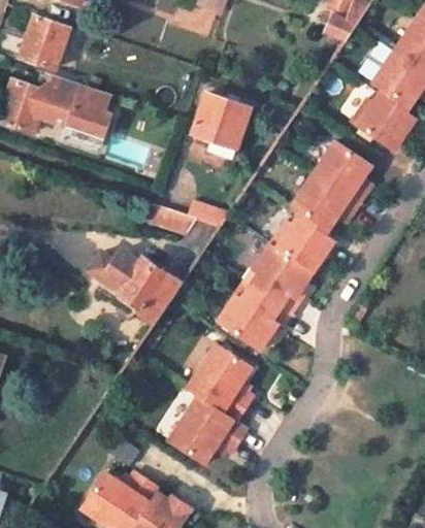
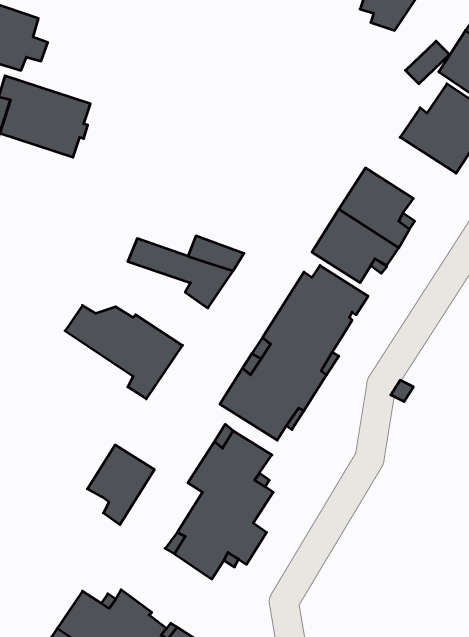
building: [193,95,247,148] -> none
building: none -> [87,445,154,525]

